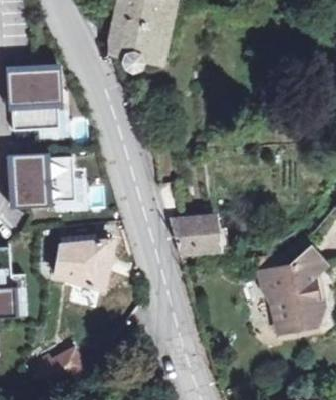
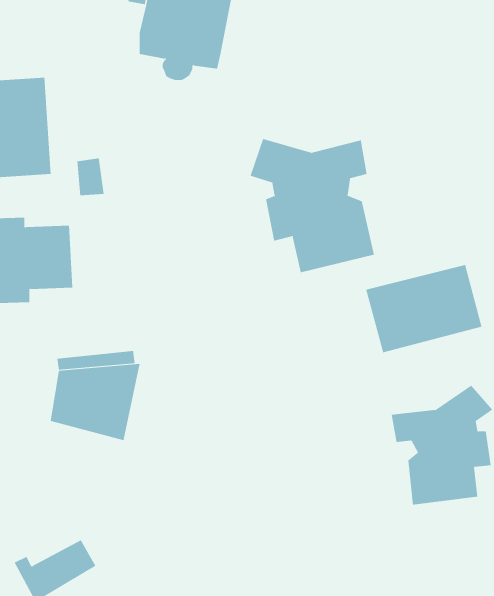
building: none -> [250,138,375,273]
building: none -> [365,264,482,353]
building: [174,216,221,250] -> none

